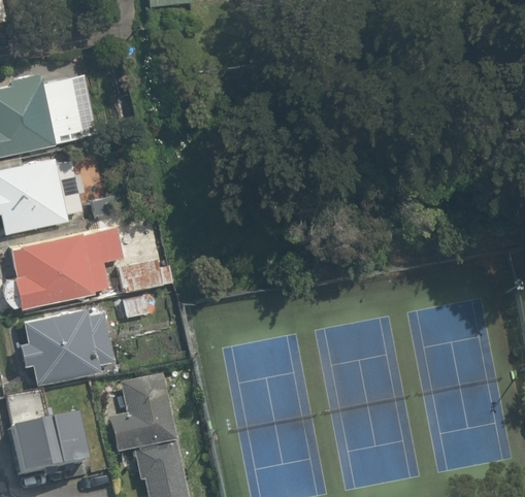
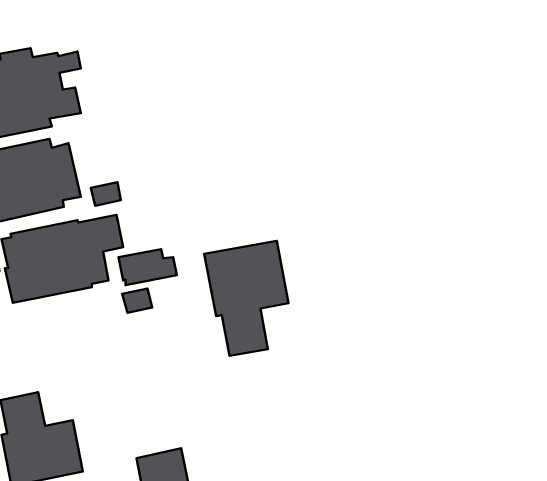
building: none -> [204,241,289,356]
building: [21,310,113,384] -> none
building: [110,376,176,456] -> none

